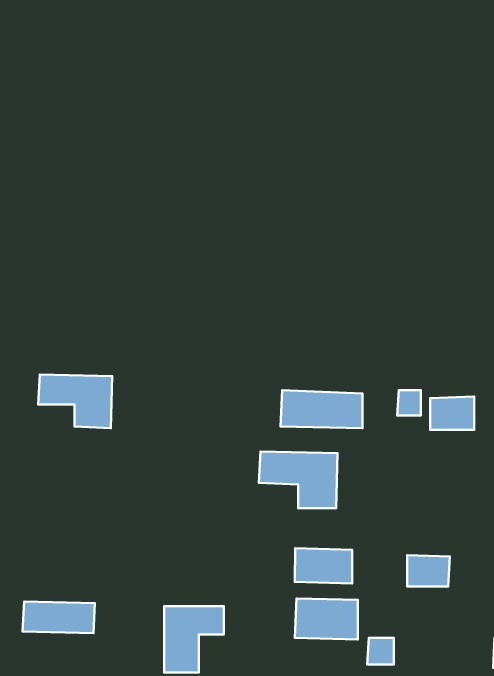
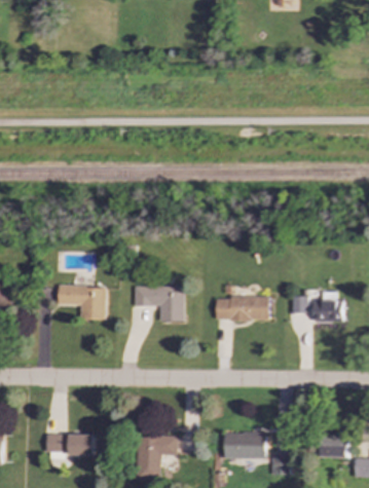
building: [259,451,338,508] -> [133,284,184,321]
building: [295,548,352,583] -> none
building: [407,555,450,587] -> [320,436,347,456]

